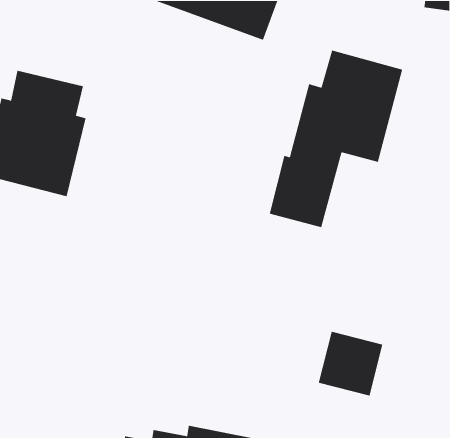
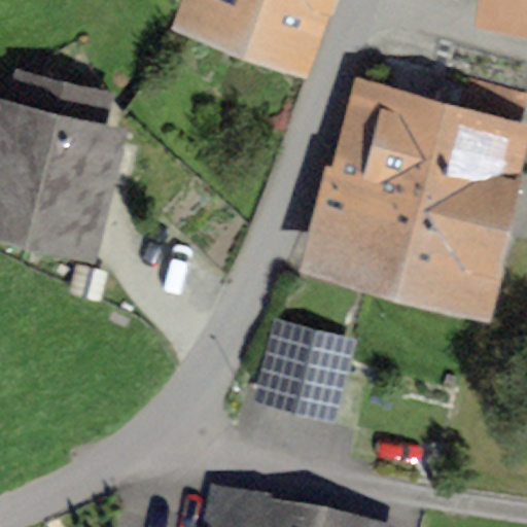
building: none -> [375,97,518,311]
building: [318,331,383,396] -> [265,348,341,424]

